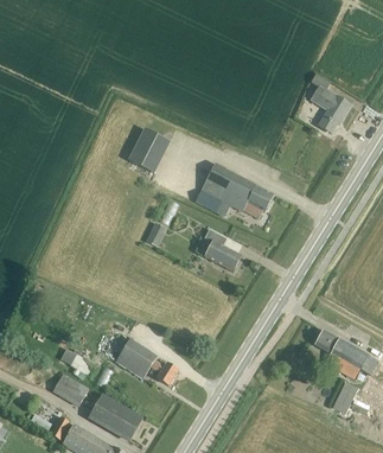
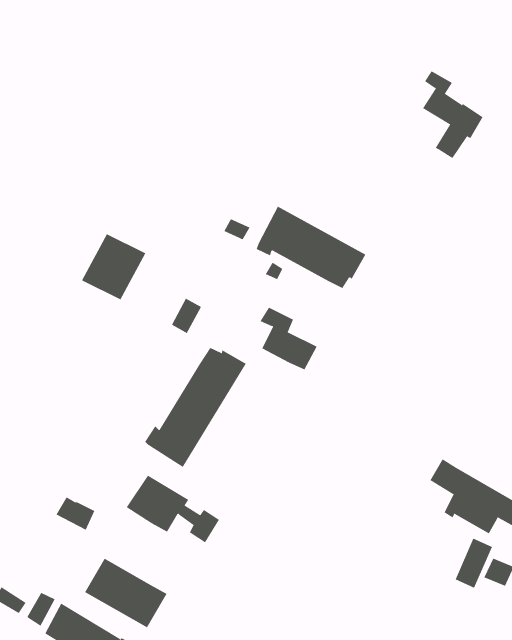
building: [127,128,170,172] -> [81,233,146,300]
building: none -> [144,347,246,468]
building: [52,374,88,406] -> none

